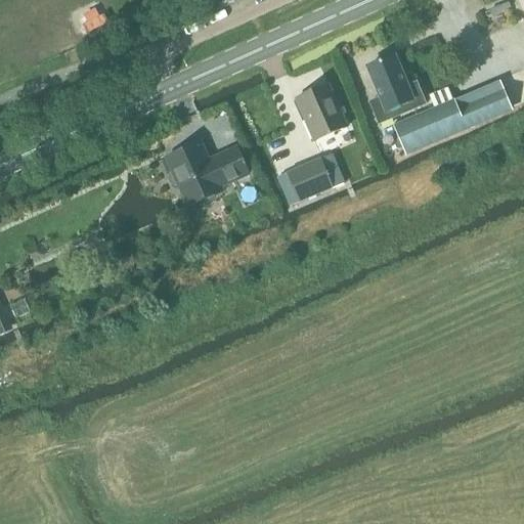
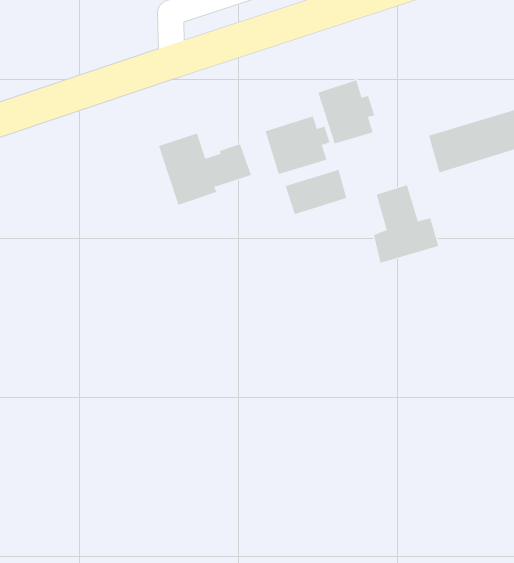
building: [368,54,426,123] -> [373,184,439,263]
building: none -> [265,116,330,175]

